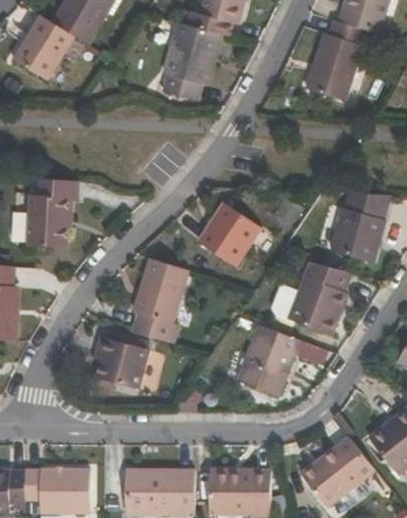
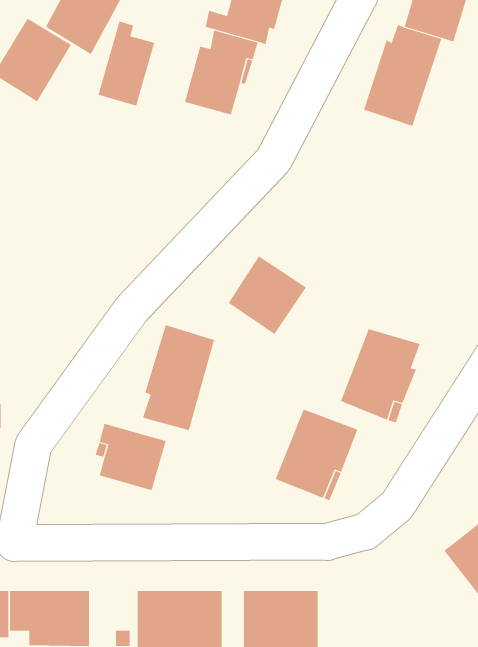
building: none -> [98,20,155,107]
building: [28,179,79,248] -> none
building: [325,192,386,263] -> none
building: [302,437,375,508] -> none

